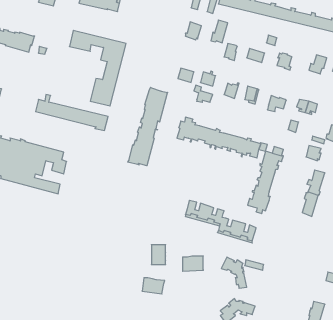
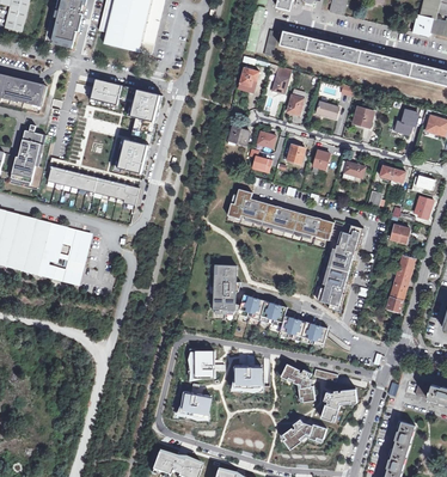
building: none -> [11,124,47,183]
building: [128,87,168,166] -> none
building: none -> [214,265,239,312]
building: none -> [320,390,357,420]

